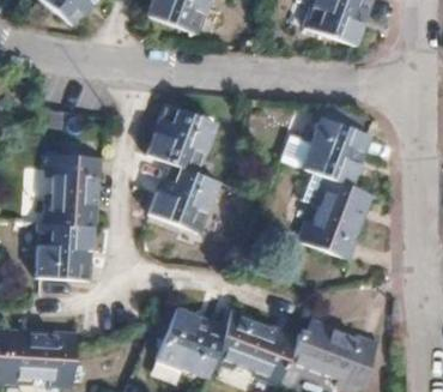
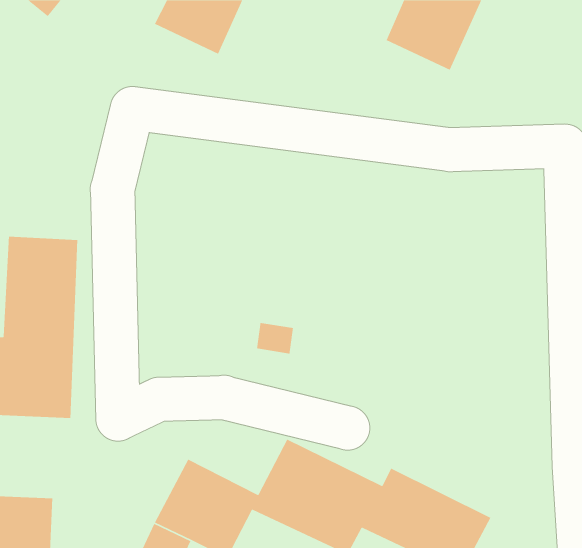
building: [144,108,218,229] -> none
building: [291,126,365,260] -> none

